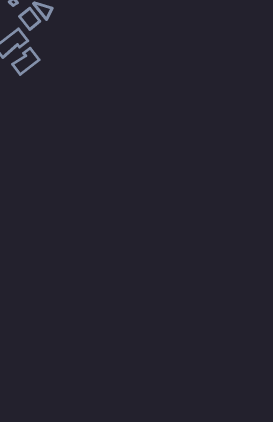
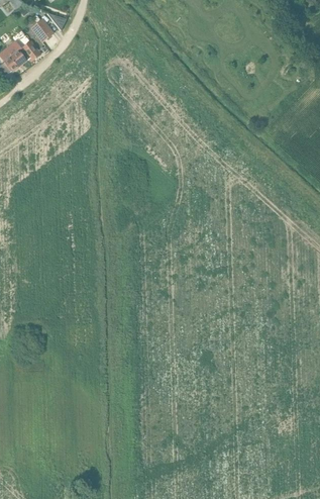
building: [13,48,39,75] -> none

